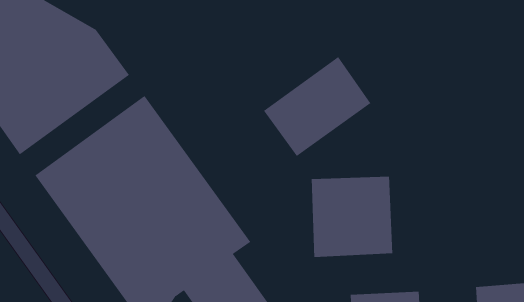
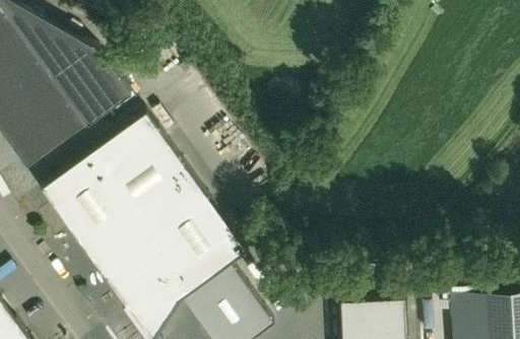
building: [263,56,371,157] -> none
building: [311,176,393,258] -> none

